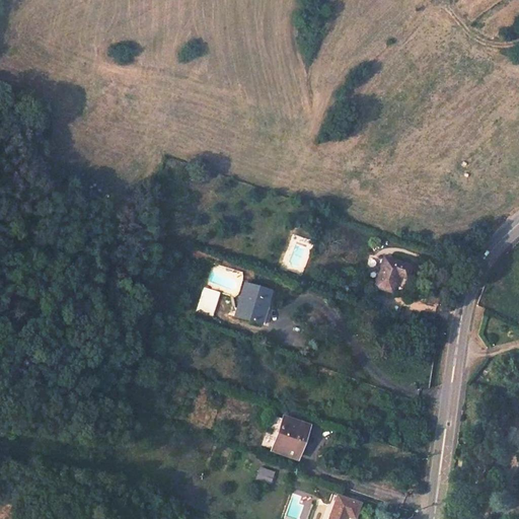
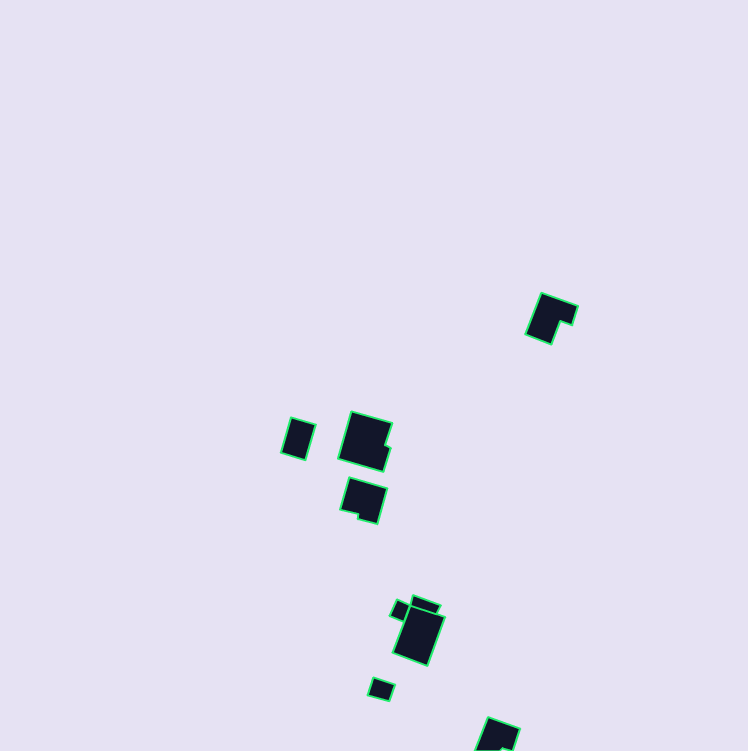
building: [375,256,412,292] -> [525,293,578,344]
building: none -> [340,477,387,524]

